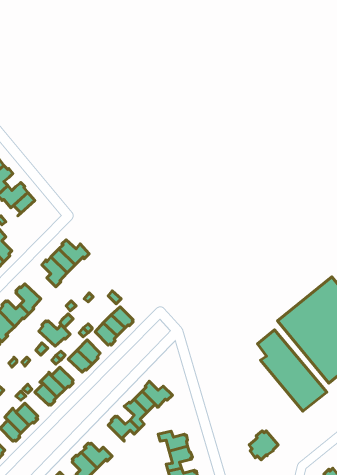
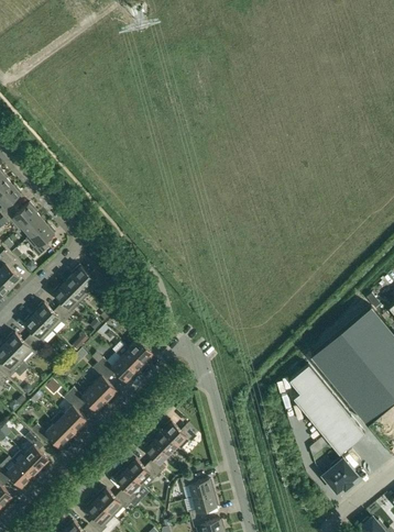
building: none -> [26,224,55,257]
building: [39,321,70,346] -> [34,304,68,332]
building: none -> [116,470,143,505]
building: [249,431,278,460] -> [324,461,355,492]

